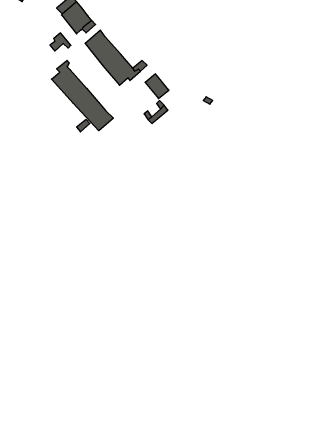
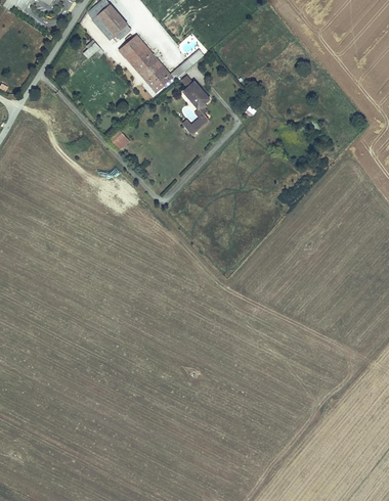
building: [51,60,113,131] -> none

